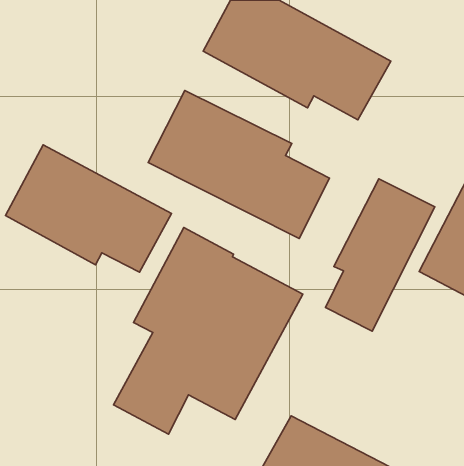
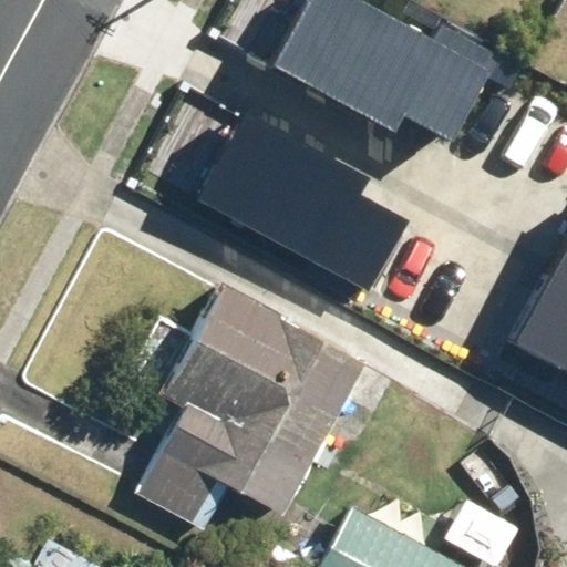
building: [5,145,171,272] -> none
building: [326,179,435,331] -> none

